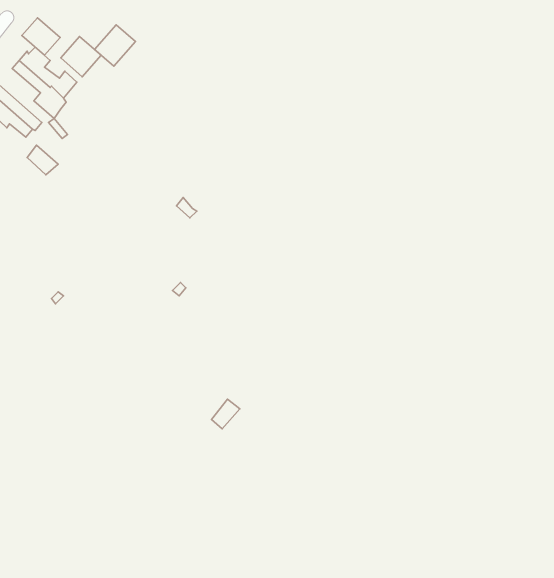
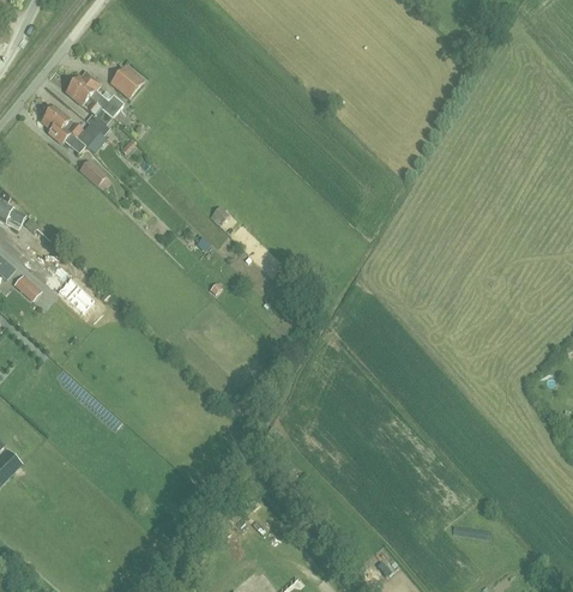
building: [22,18,60,55] -> none
building: [95,25,135,66] -> none

